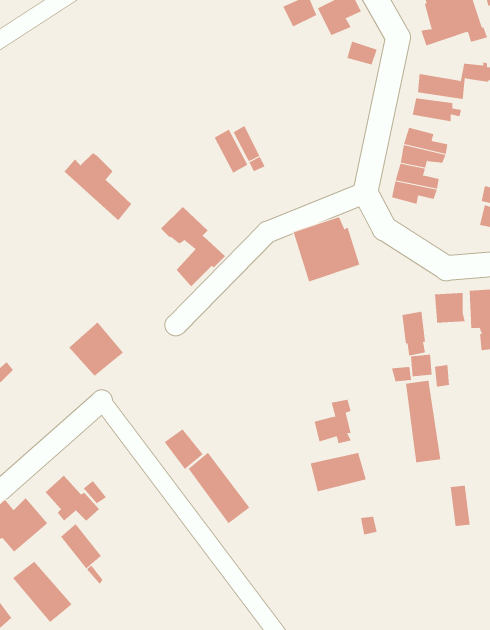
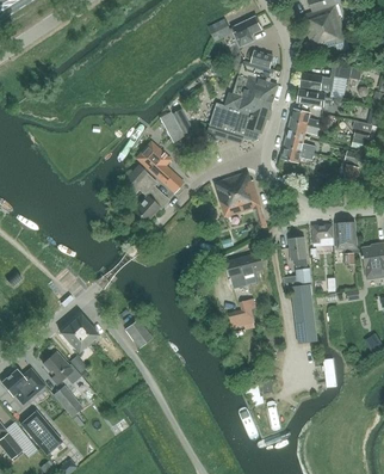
building: none -> [210,64,278,141]
building: [63,152,132,221] -> [136,146,184,193]
building: [69,322,124,377] -> [61,312,99,350]
building: none -> [227,253,264,289]
building: [188,452,250,524] -> none
building: [310,452,366,492] -> none

